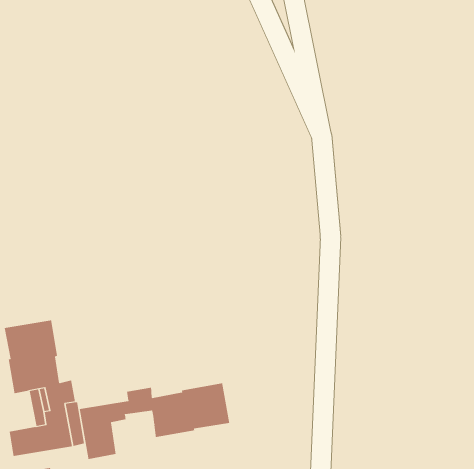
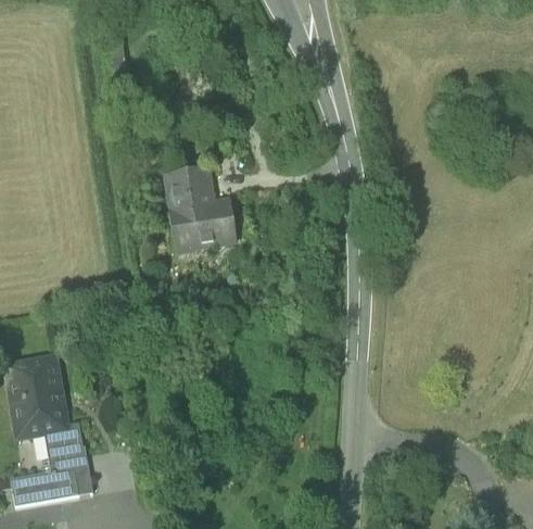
building: none -> [165,167,237,256]
building: [79,383,230,460] -> none

